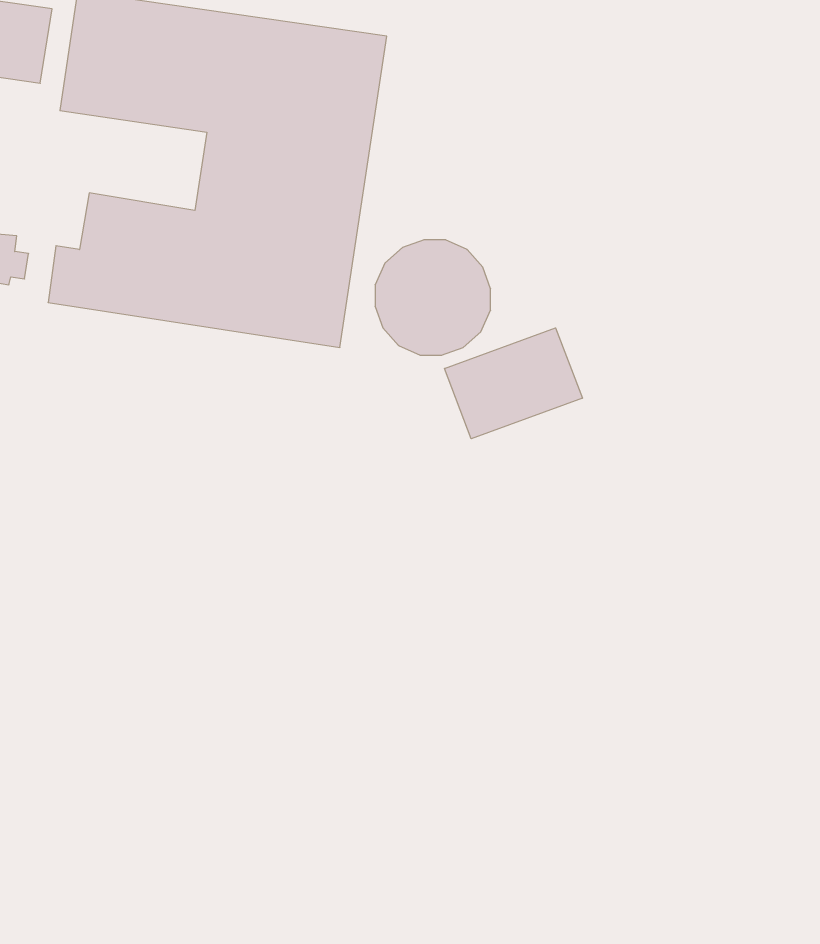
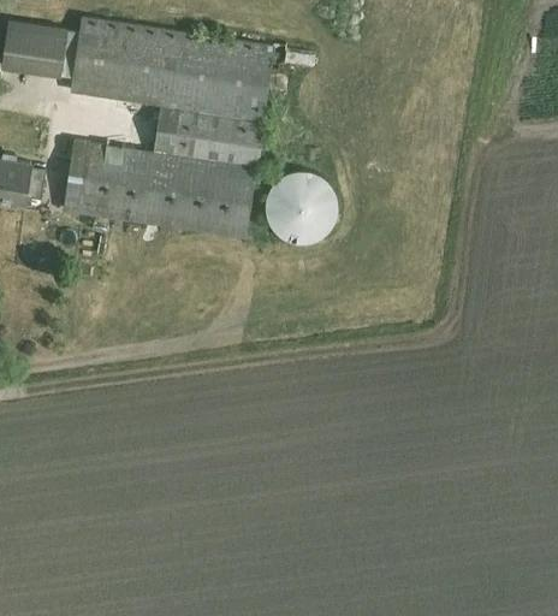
building: [445,328,582,439] -> none

